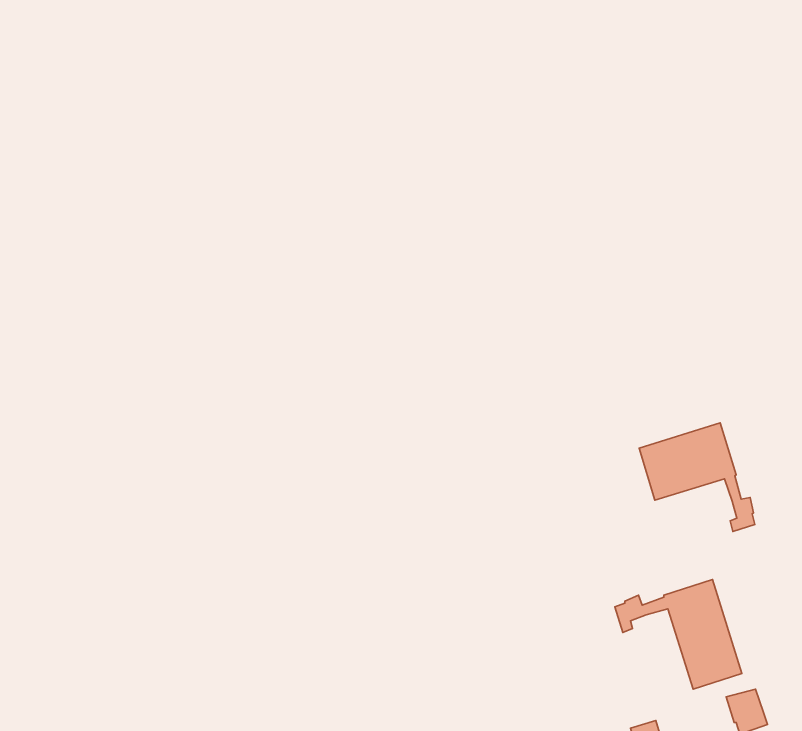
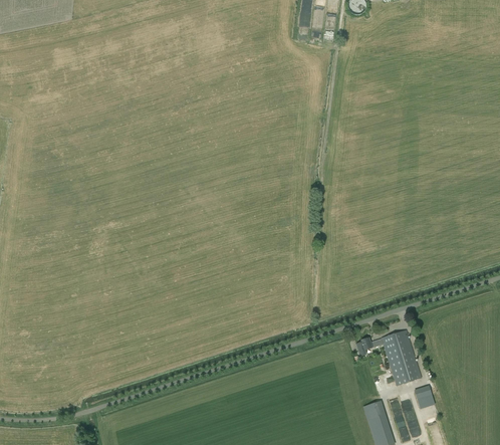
building: [639,423,755,532] -> none

